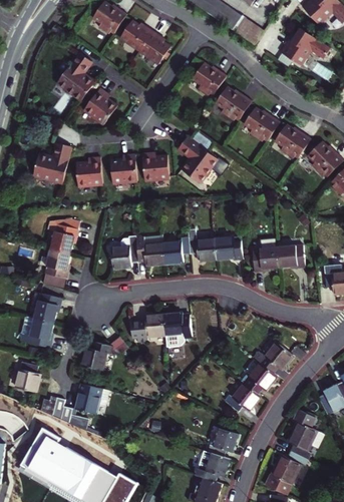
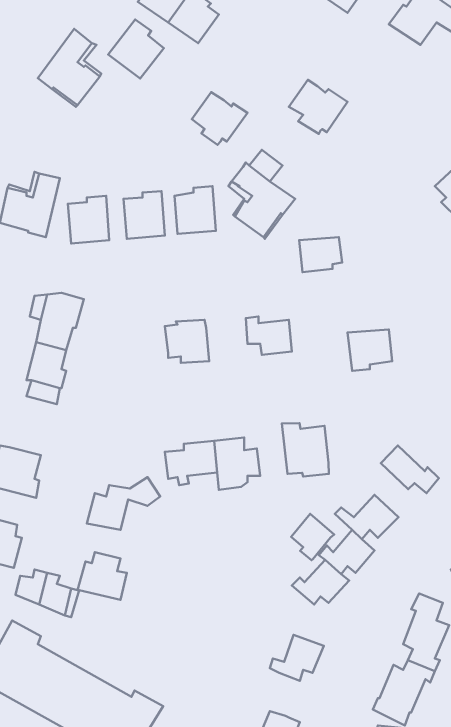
building: [192,62,227,95] -> [192,92,248,145]
building: [83,90,118,127] -> [108,20,164,78]
building: [243,107,280,141] -> none
building: [274,124,311,158] -> none
building: [110,235,138,268] -> none
building: [215,235,242,258] -> [299,237,342,272]
building: [162,236,189,264] -> none
building: [278,241,305,265] -> none
building: [38,295,67,323] -> none
building: none -> [282,423,329,477]
building: none -> [381,445,439,493]
building: none -> [291,514,334,560]
building: [195,457,228,488] -> none

